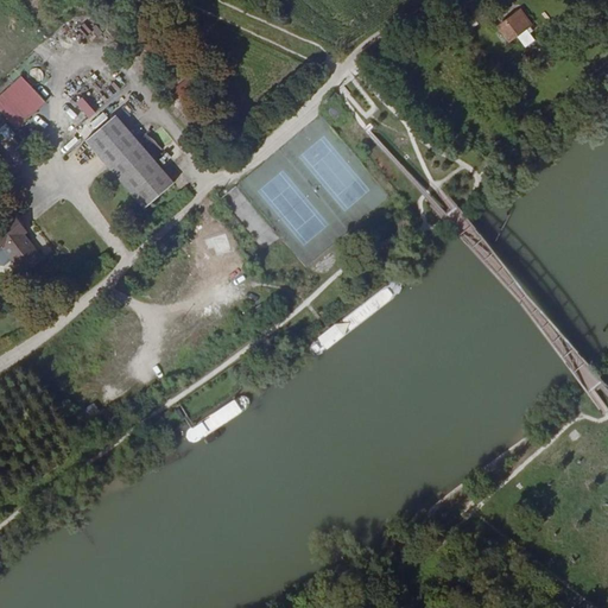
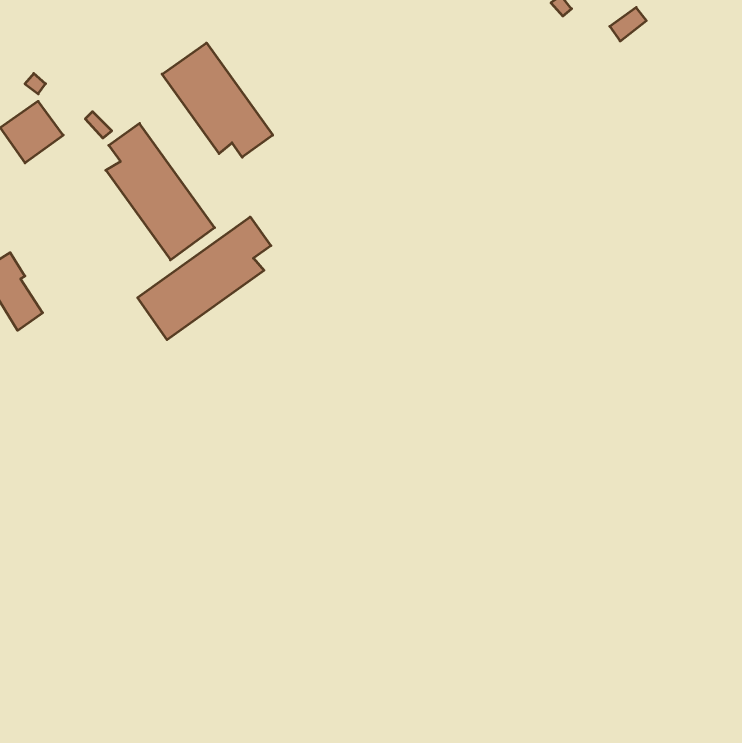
building: none -> [162,43,273,157]
building: none -> [138,217,271,340]

